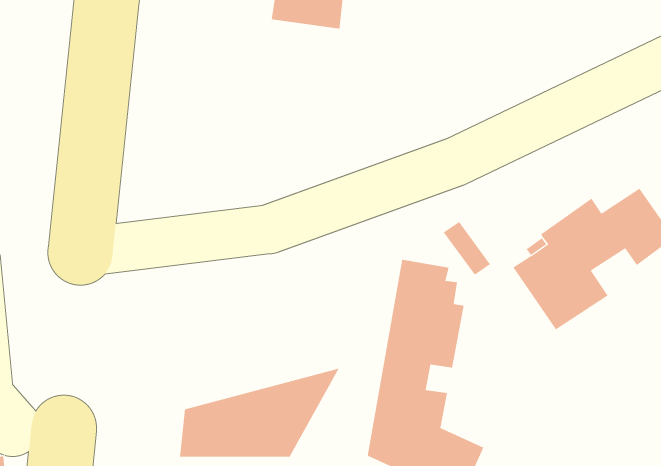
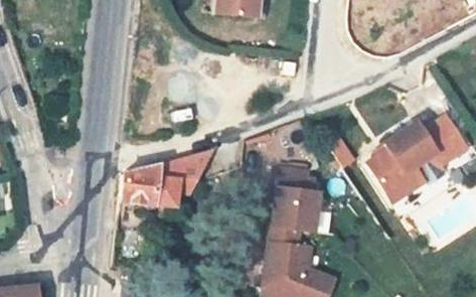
building: [179,368,340,457] -> [115,152,212,206]

